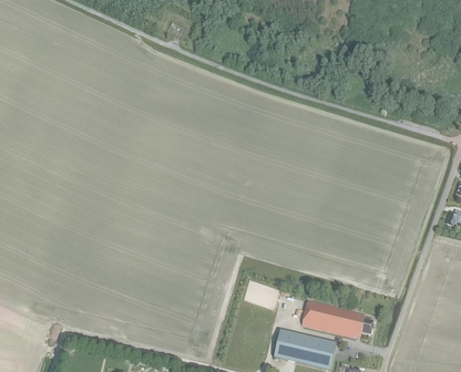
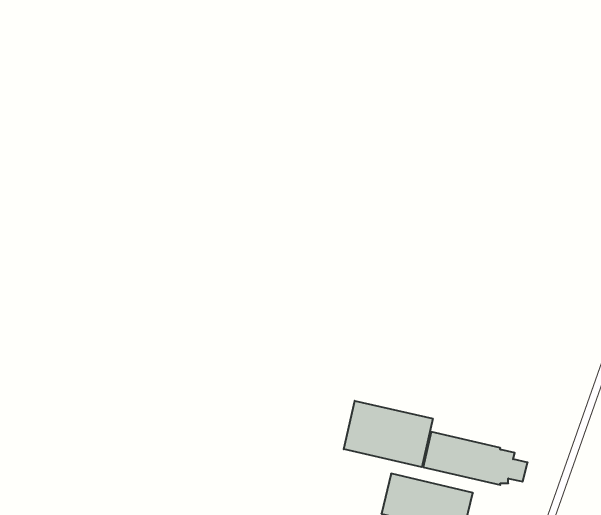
building: none -> [344,401,433,467]

